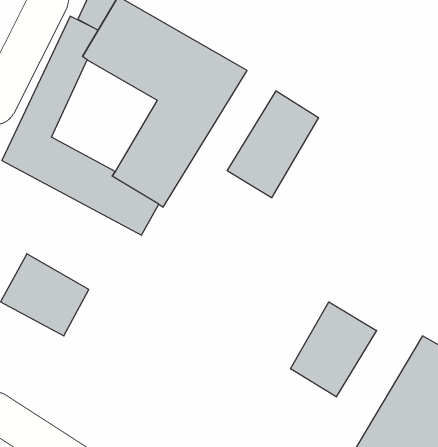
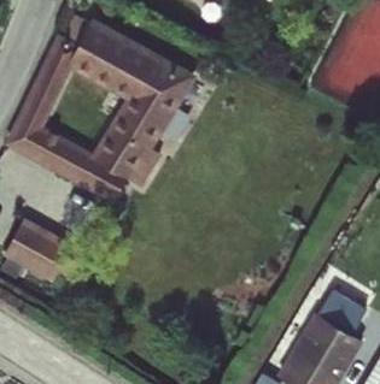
building: [227,91,319,198] -> none
building: [291,302,377,397] -> none

